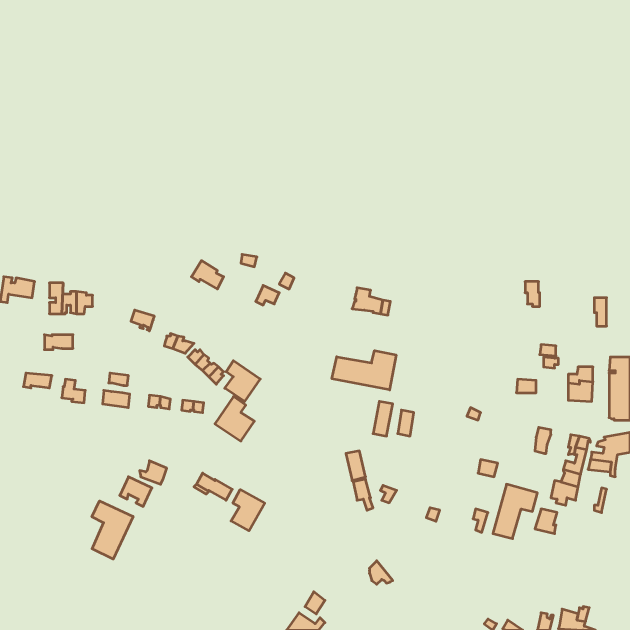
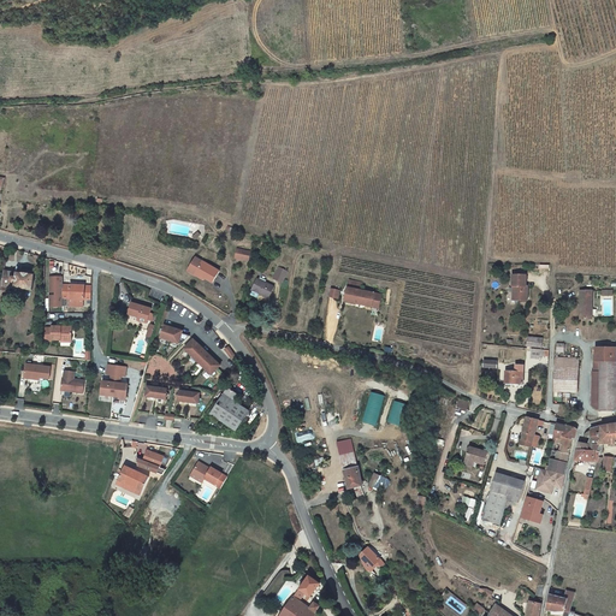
building: [332,351,396,390] -> none
building: [225,361,260,402] -> none
building: [231,490,265,531] -> none
building: [92,501,133,559] -> none

